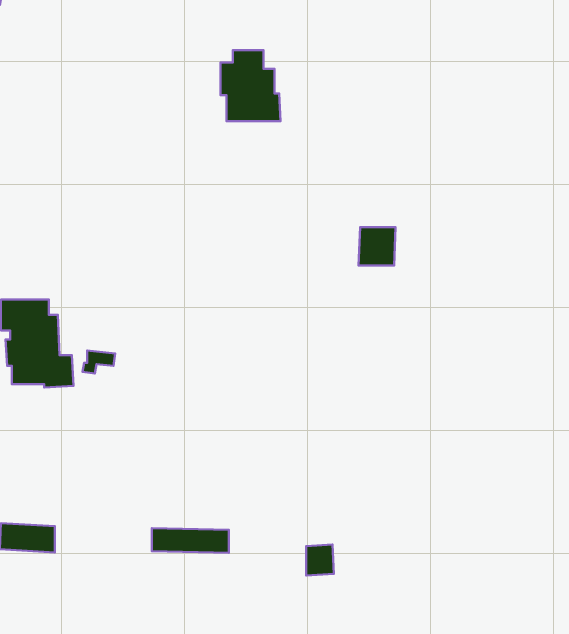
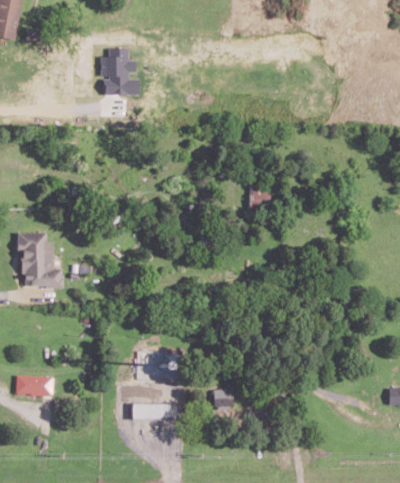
building: [220,50,281,121] -> [100,49,139,95]
building: [152,528,229,553] -> [132,404,182,420]

